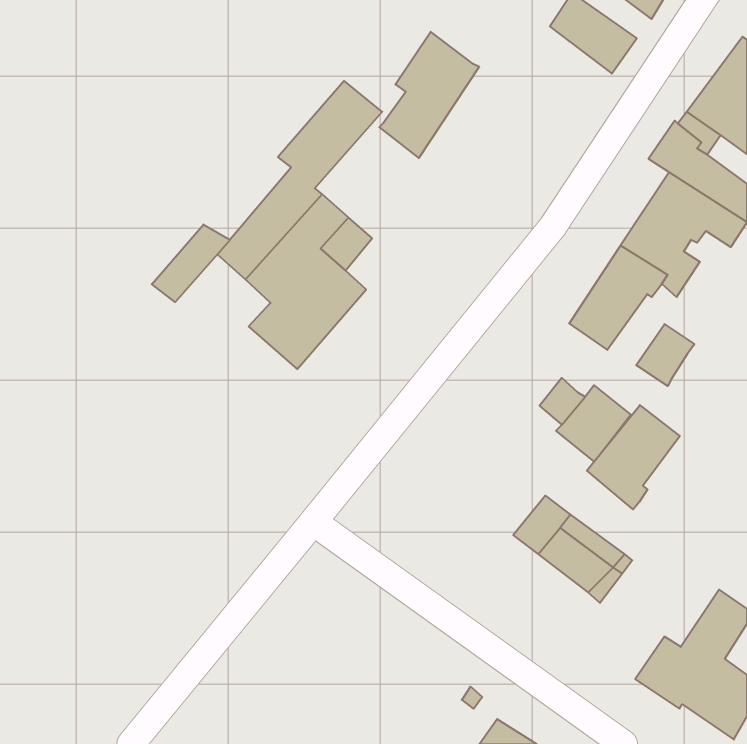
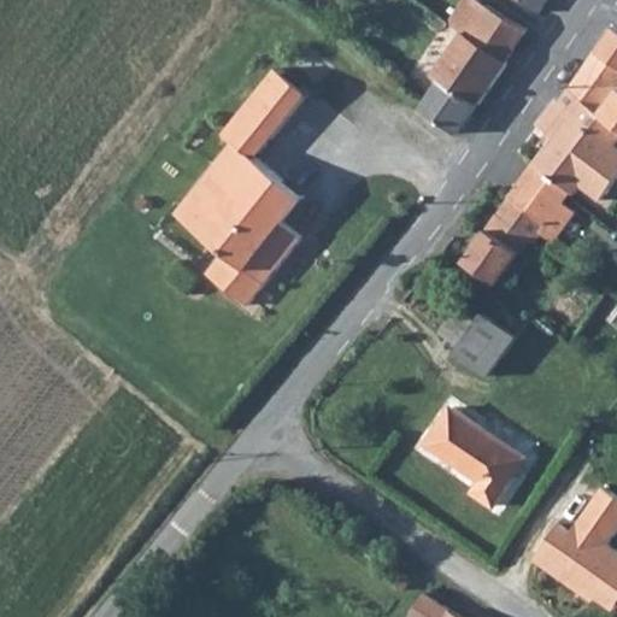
building: [379,32,479,158] -> [424,34,506,137]
building: [152,224,230,302] -> none
building: [636,324,694,386] -> none
building: [587,405,680,509] -> none

